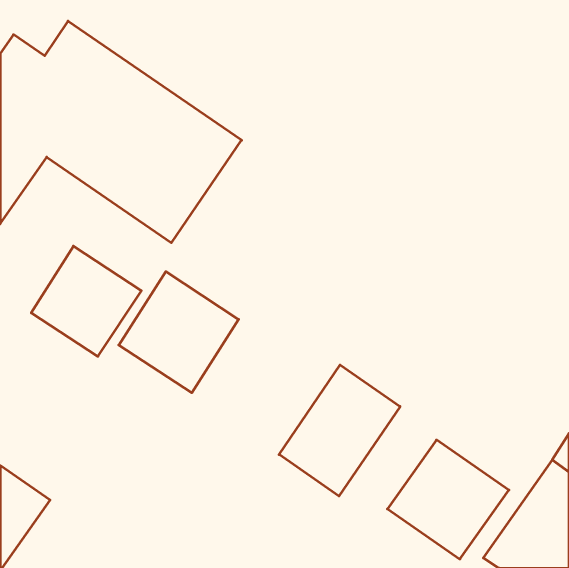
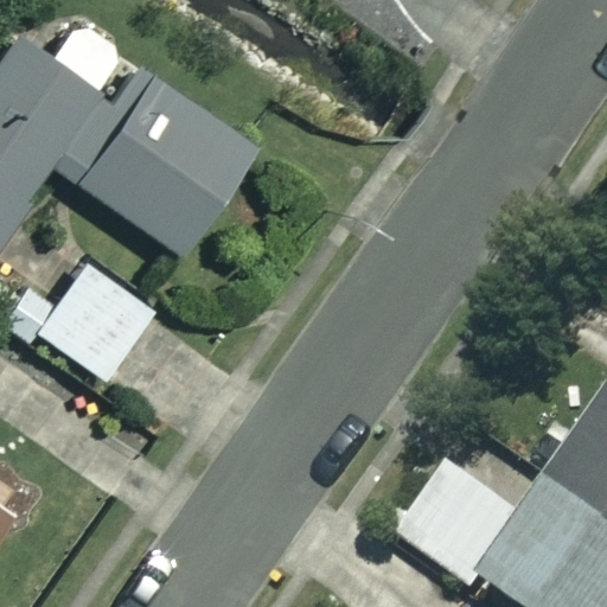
building: [119,272,239,393] -> none
building: [279,365,400,496] -> none

